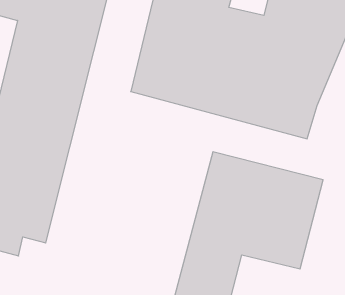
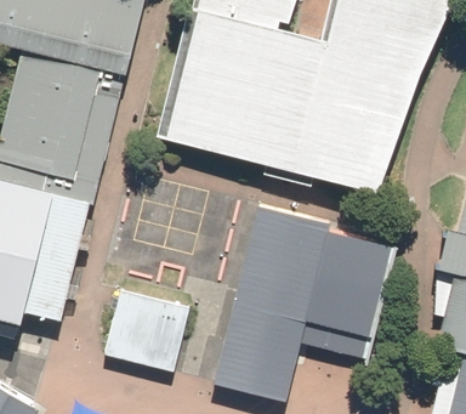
building: none -> [108,294,192,373]

